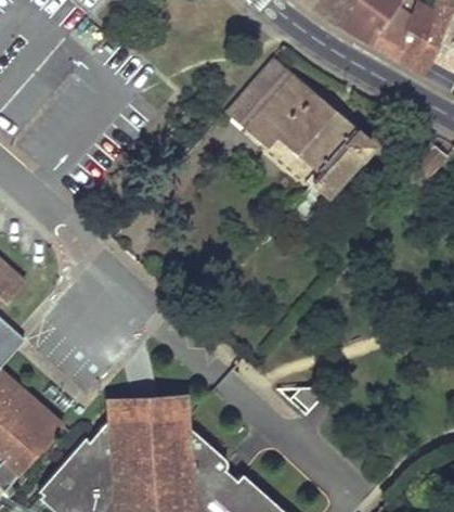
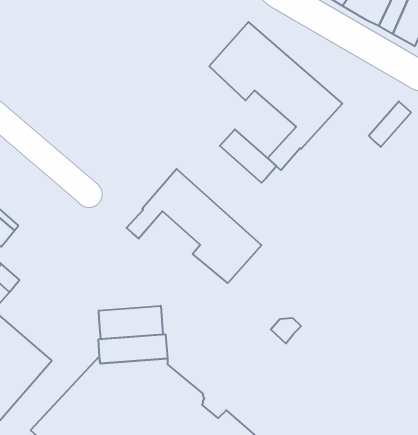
building: none -> [220,129,276,183]
building: none -> [126,169,261,283]
building: none -> [99,306,163,339]

